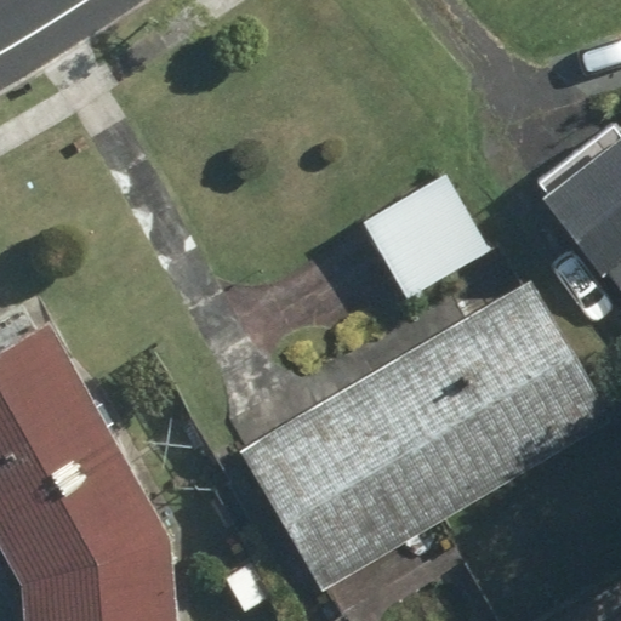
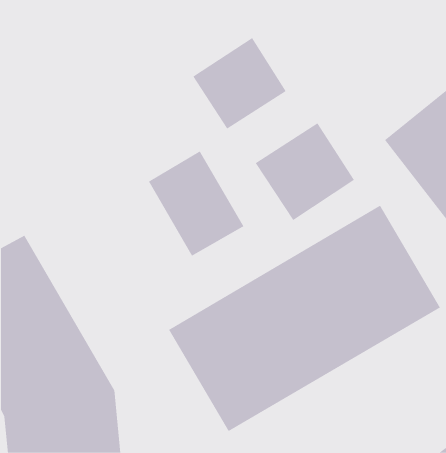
building: none -> [192,37,286,130]
building: none -> [148,151,244,257]

